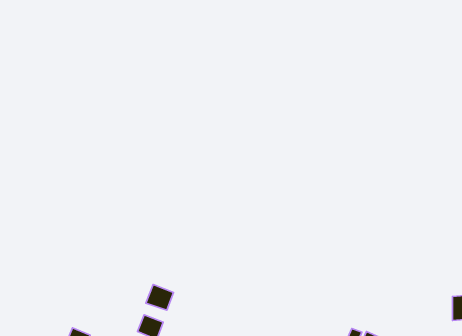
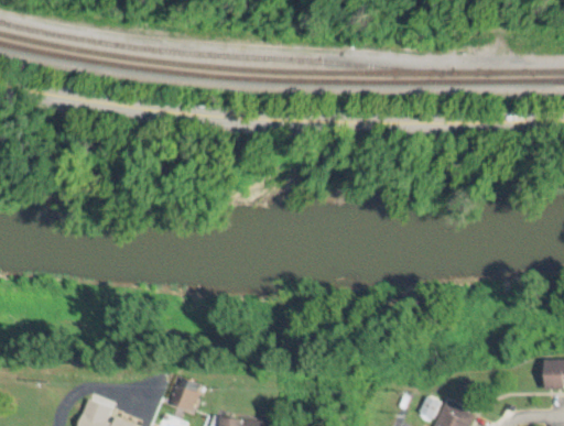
building: [146,285,173,310] -> none

